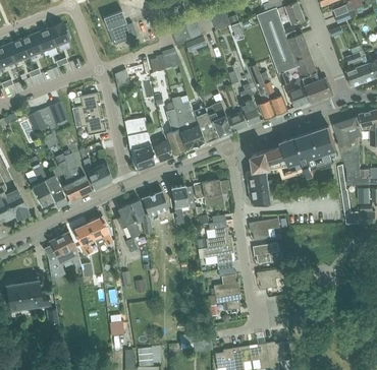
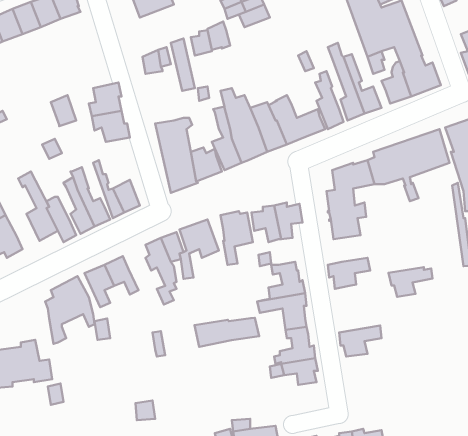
building: [28,107,55,133] -> none
building: [252,243,283,264] -> [389,267,432,297]
building: none -> [195,318,259,347]

